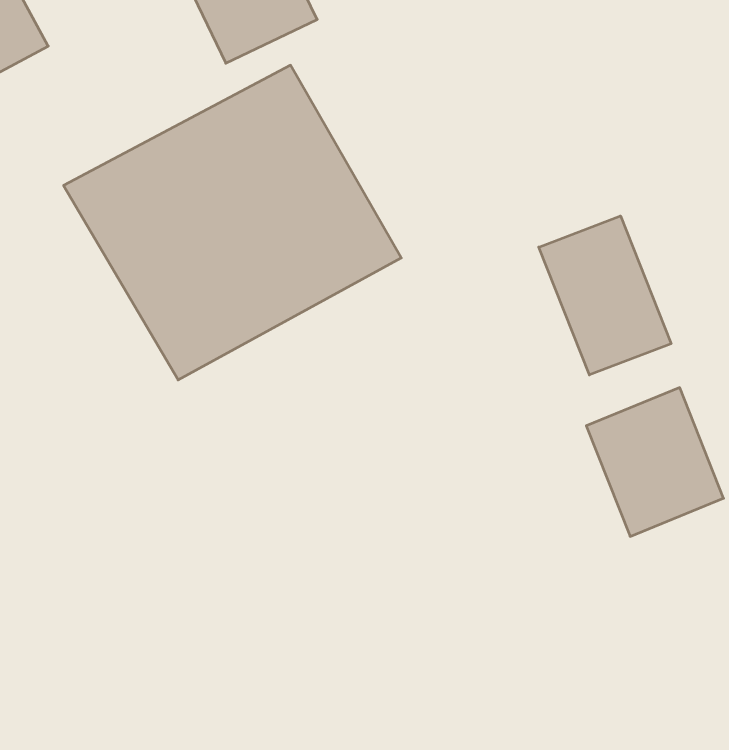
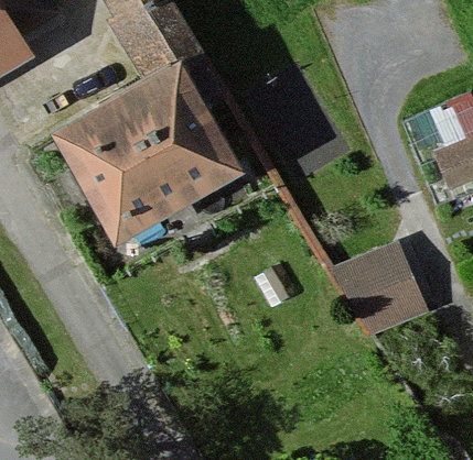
building: [539,216,671,375] -> none

